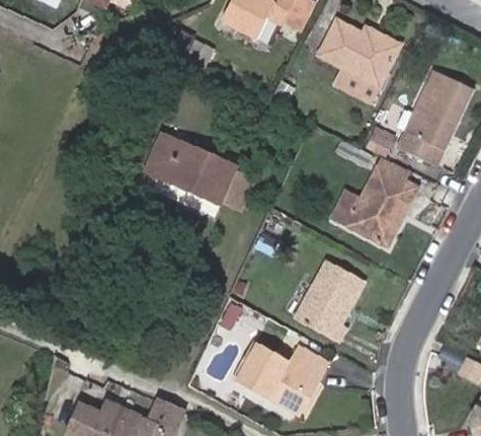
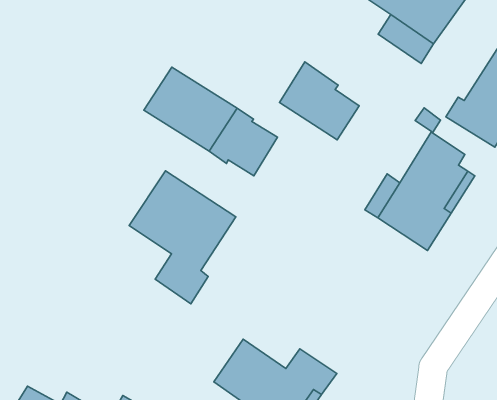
building: none -> [280,62,359,140]
building: none -> [129,171,236,304]
building: [295,259,365,341] -> none

